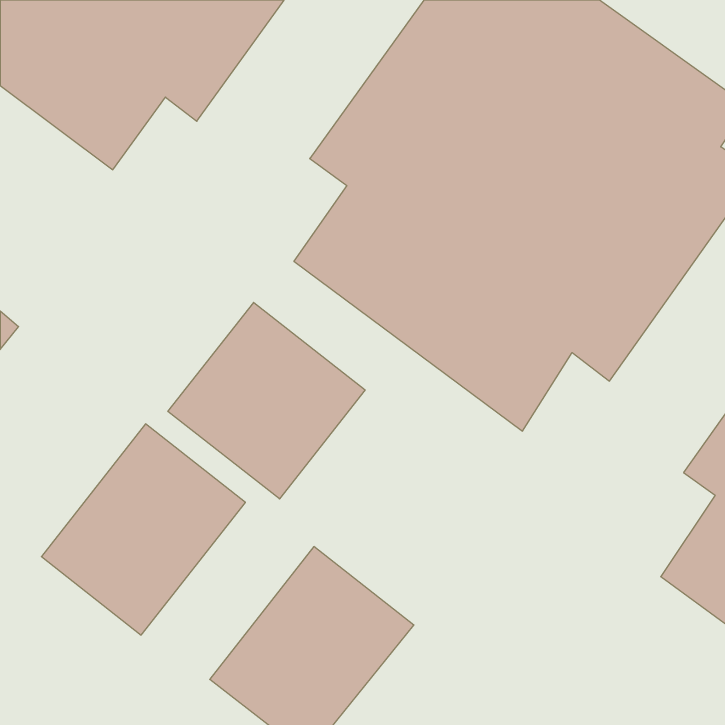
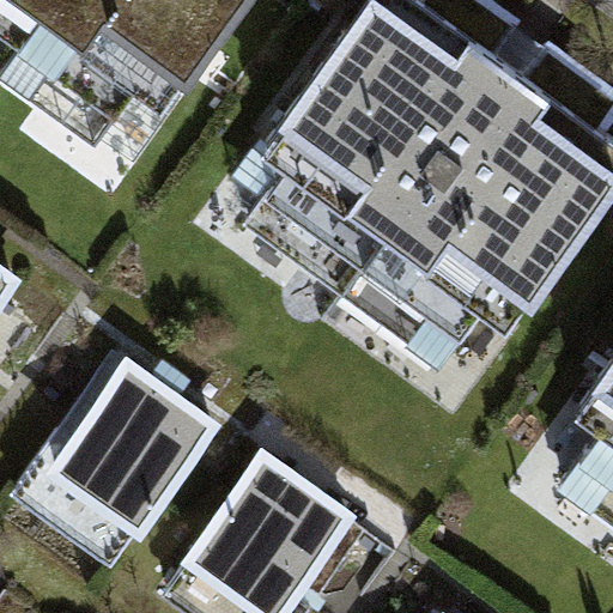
building: [168,302,365,499] -> none

